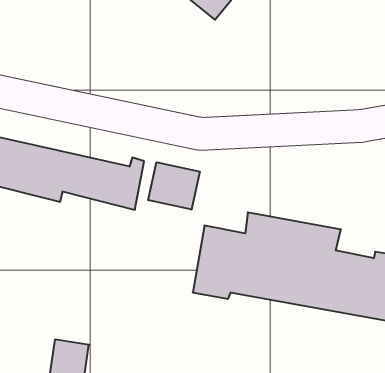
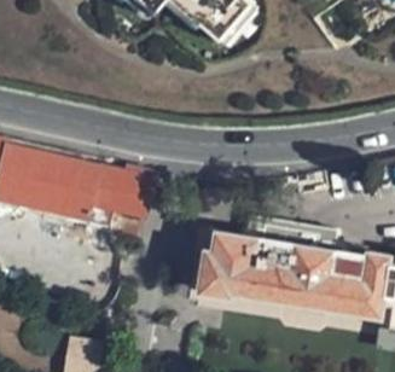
building: [148,162,200,210] -> none

